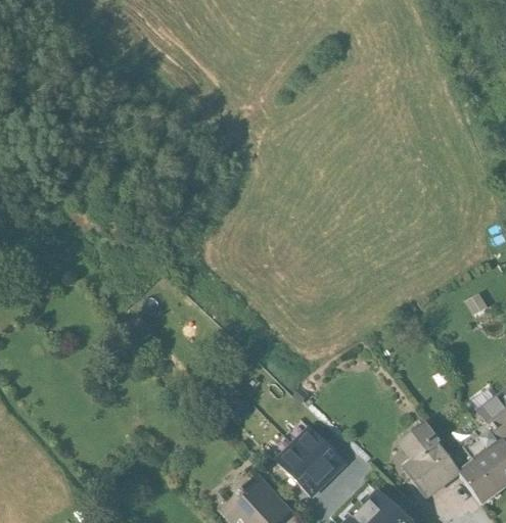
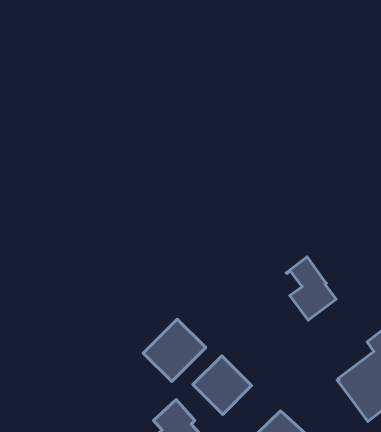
building: none -> [143,319,206,382]
building: [402,425,460,498] -> [286,257,336,320]

